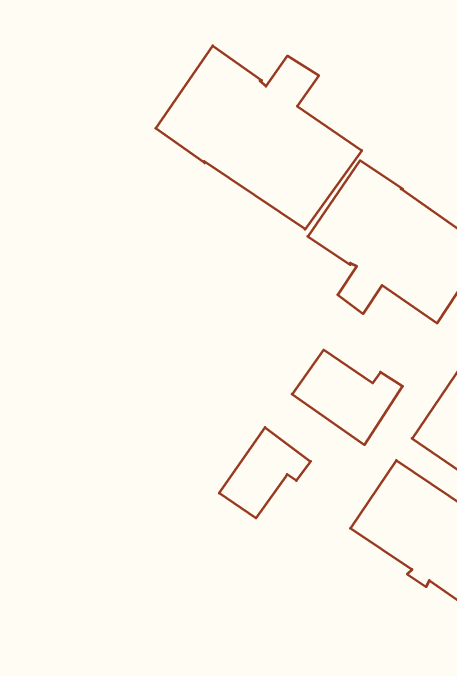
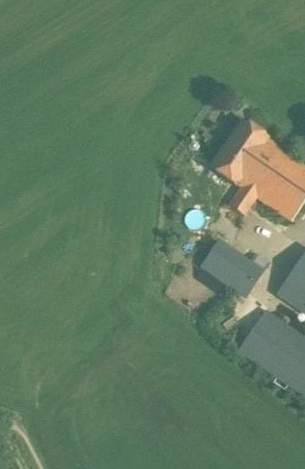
building: [156,46,362,229] -> none
building: [219,427,311,518] -> none

